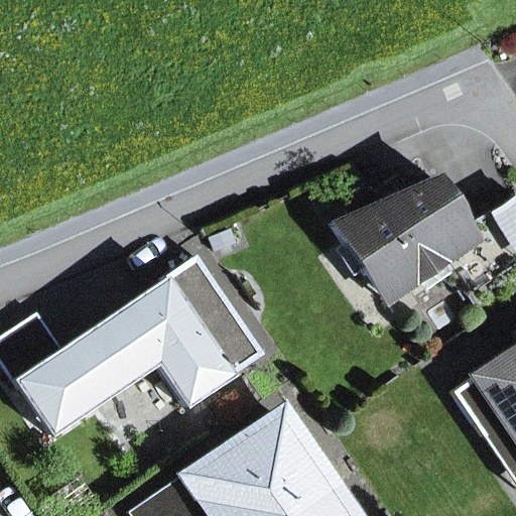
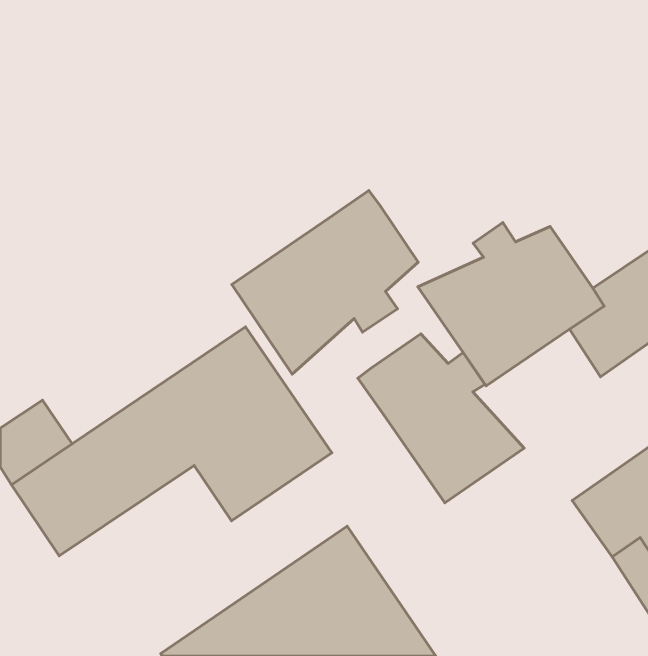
building: none -> [232,191,418,374]
building: none -> [358,334,524,503]

